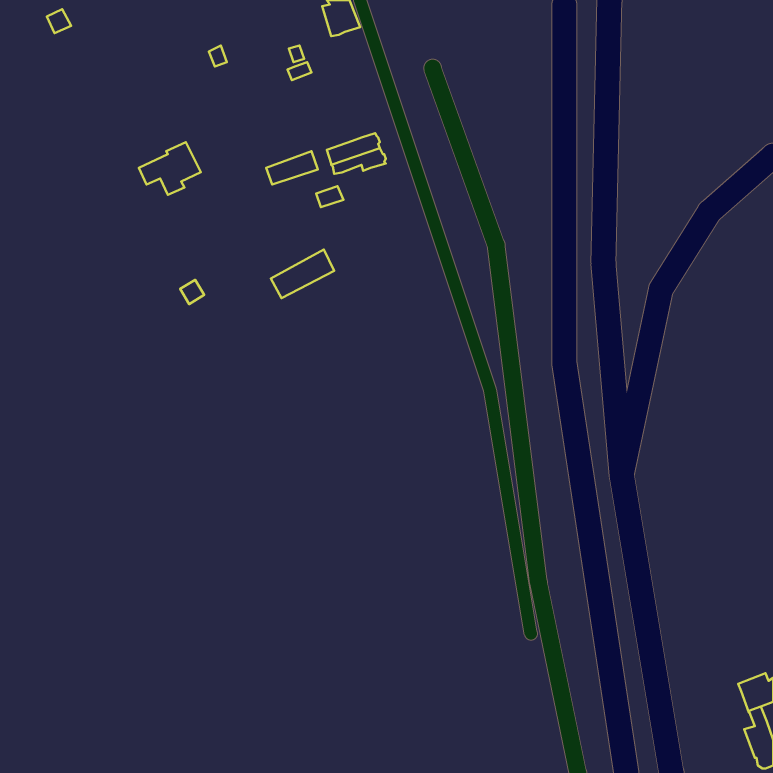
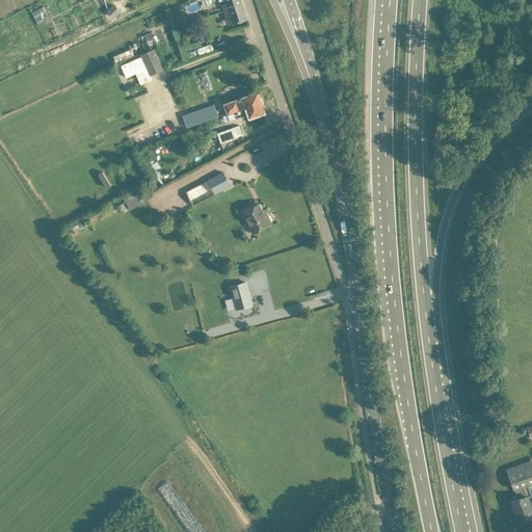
building: [139,142,201,195] -> [122,48,164,84]
building: none -> [244,204,271,232]
building: none -> [230,282,252,309]

